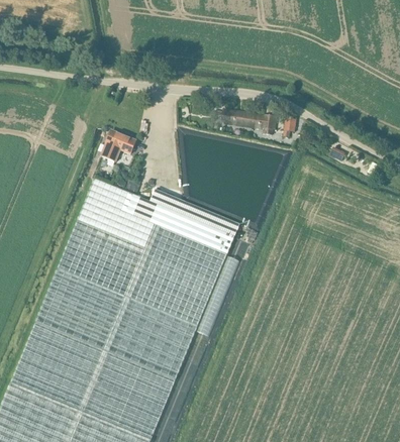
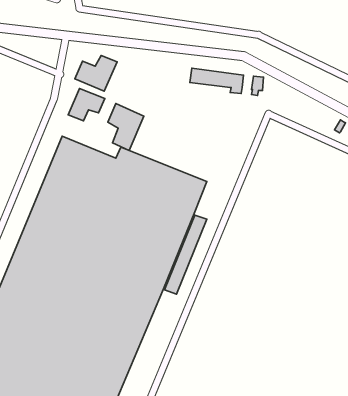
building: none -> [75,55,117,91]
building: none -> [108,104,144,151]

